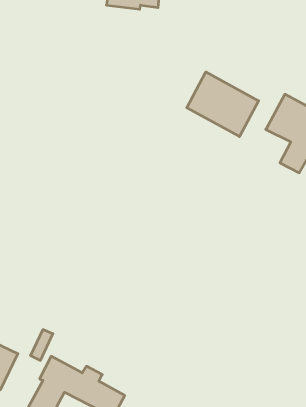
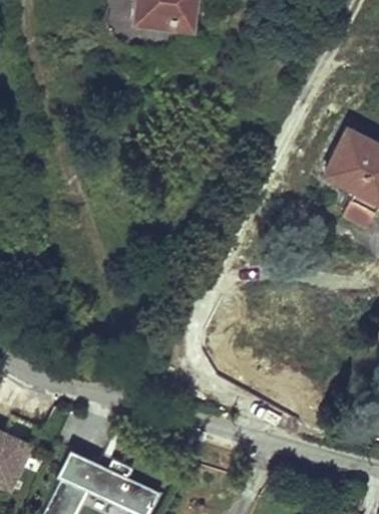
building: [187,72,259,137] -> none

